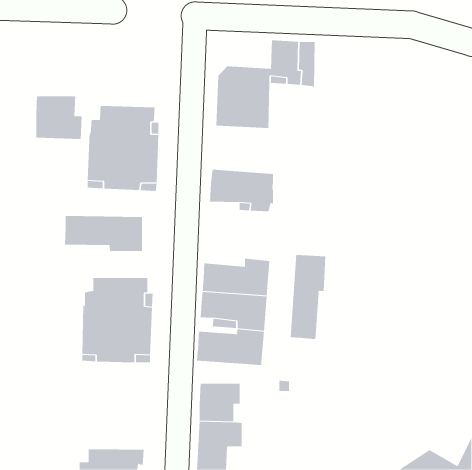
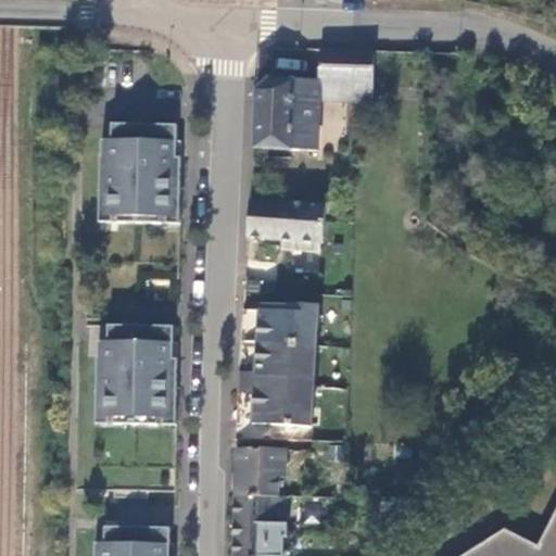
building: [36,95,82,140] -> none
building: [64,215,143,252] -> none
building: [290,254,326,340] -> none

